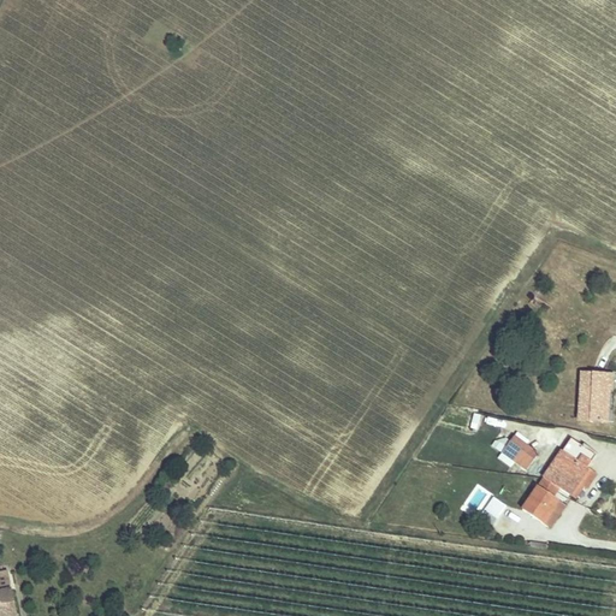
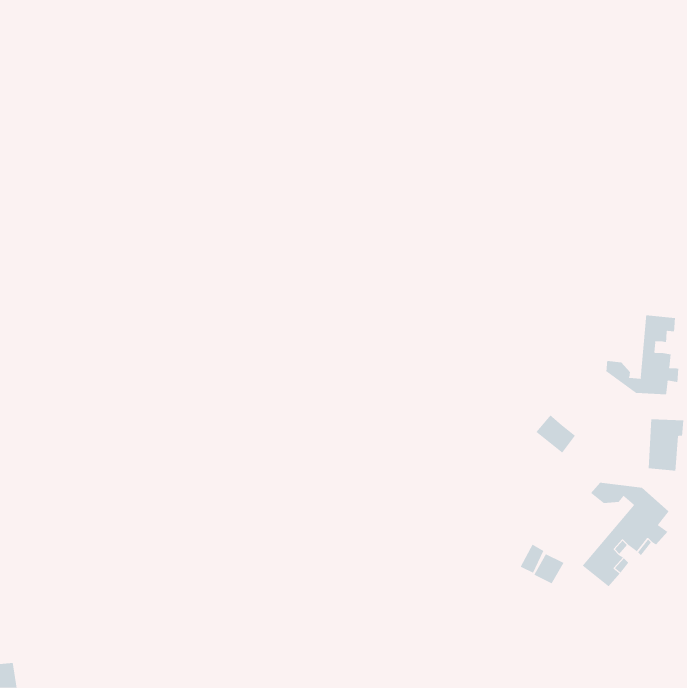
building: none -> [606,314,679,395]
building: [503,431,539,466] -> [535,414,576,453]

